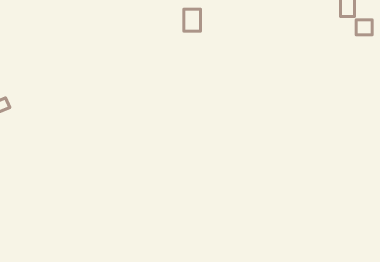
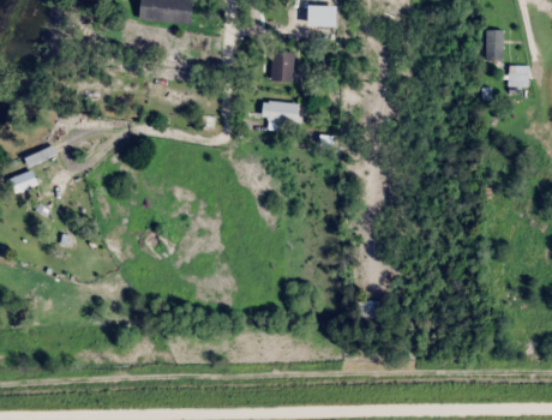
building: none -> [260,100,301,126]

